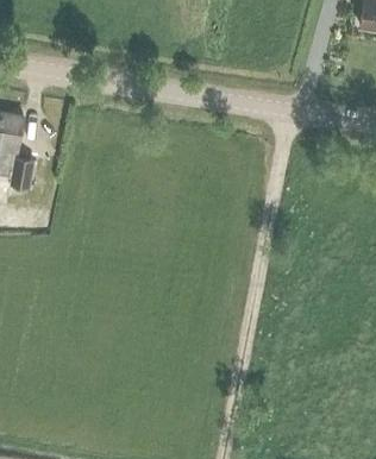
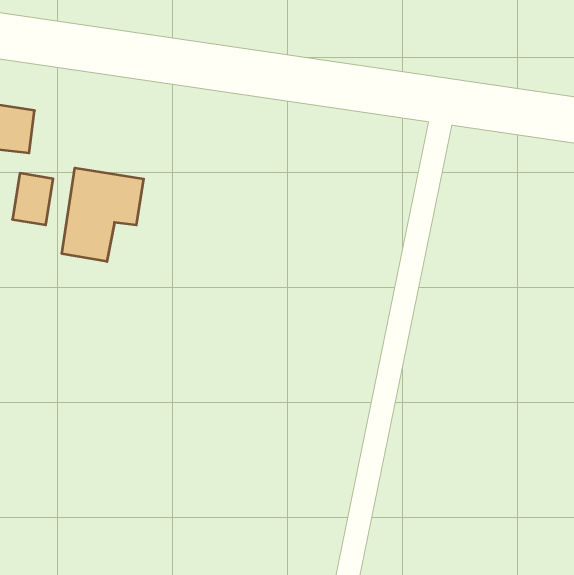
building: none -> [62,168,144,262]

